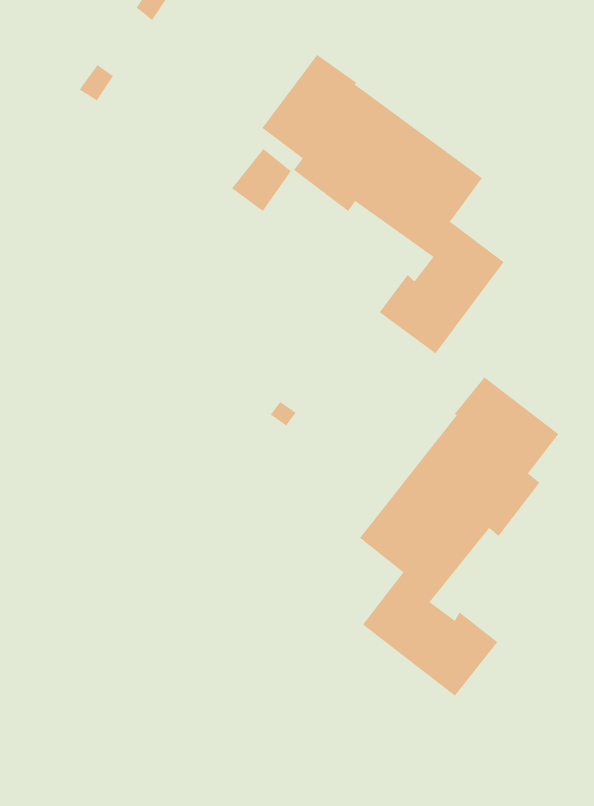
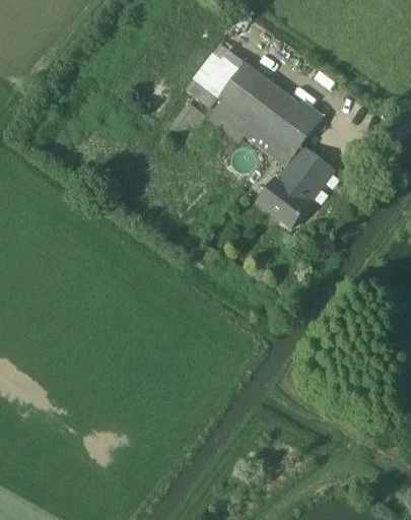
building: [359,376,559,697] -> none

